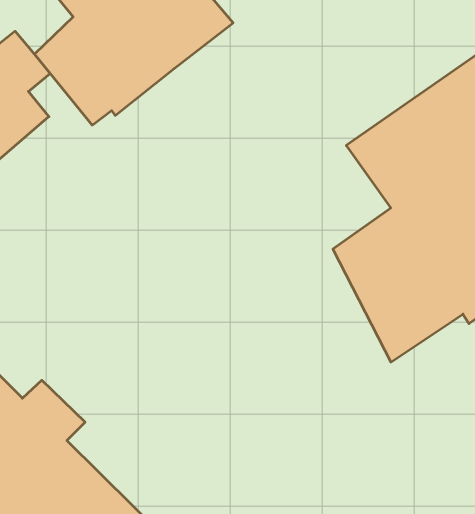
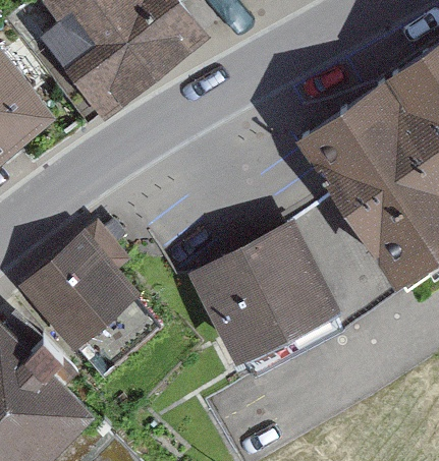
building: none -> [22,217,161,374]
building: none -> [199,225,343,374]

